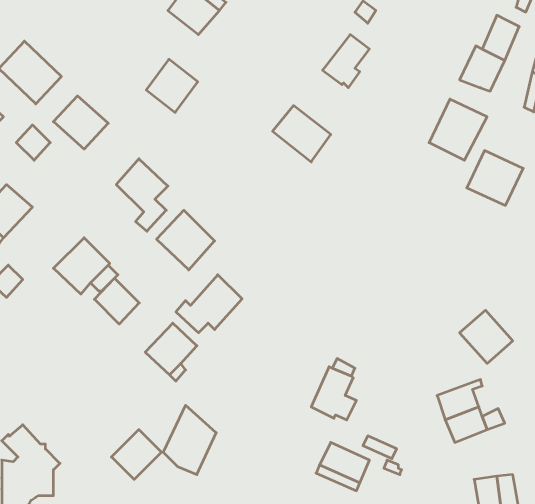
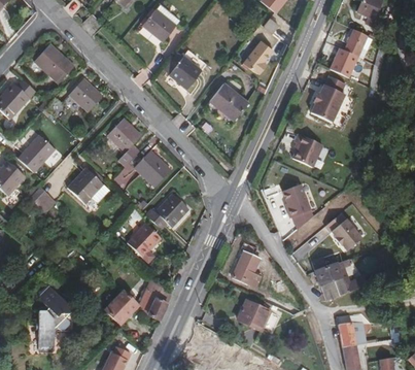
building: [146,59,198,112] -> [167,54,200,88]
building: [467,151,523,205] -> [288,131,324,166]
building: none -> [279,180,314,225]
building: [94,278,139,324] -> none

